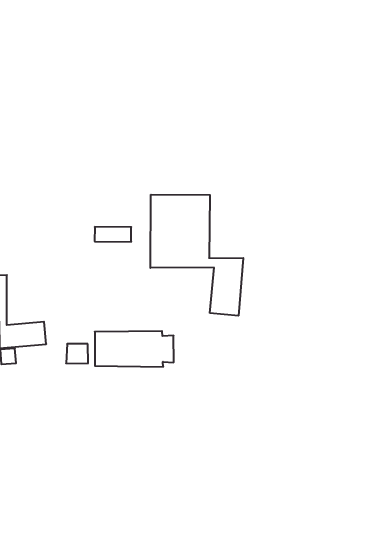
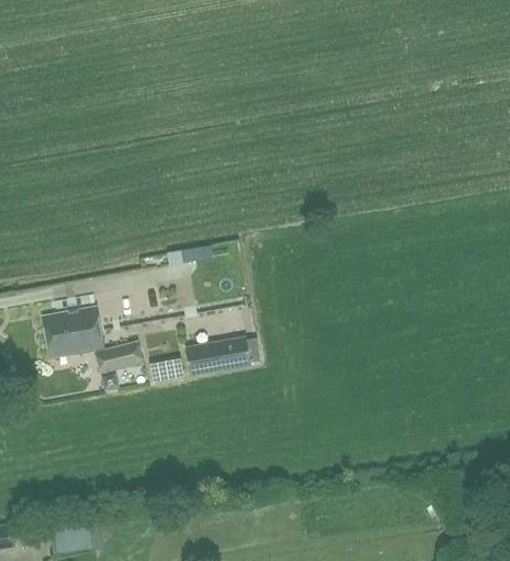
building: [150,195,243,316] -> none

